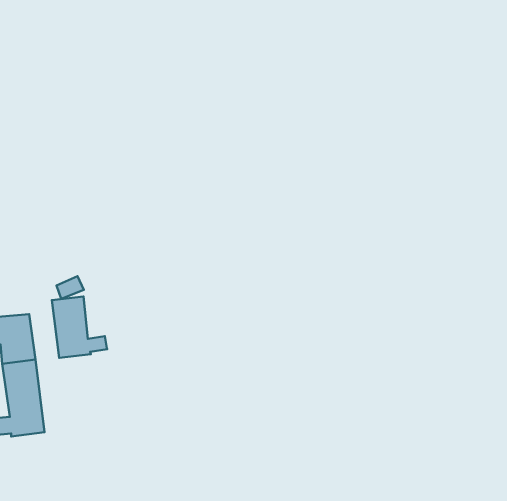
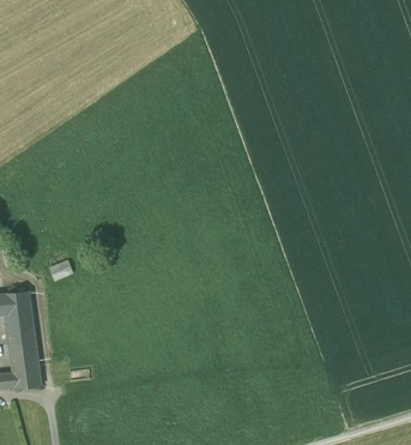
building: [52,296,107,358] -> none

